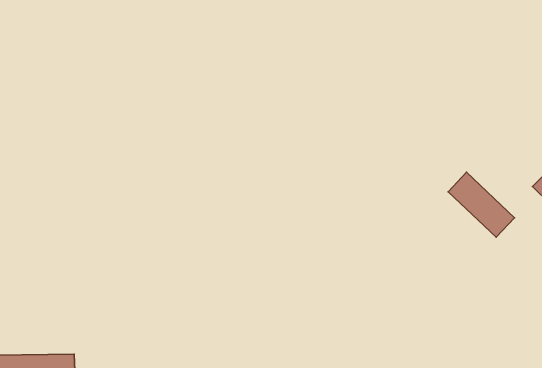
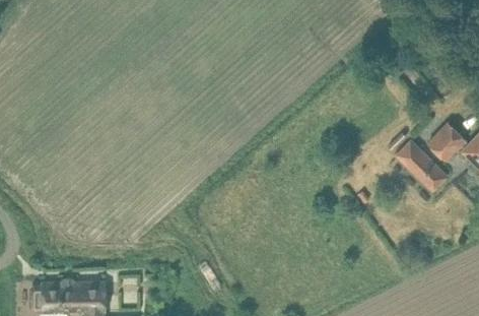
building: none -> [430,124,467,161]

